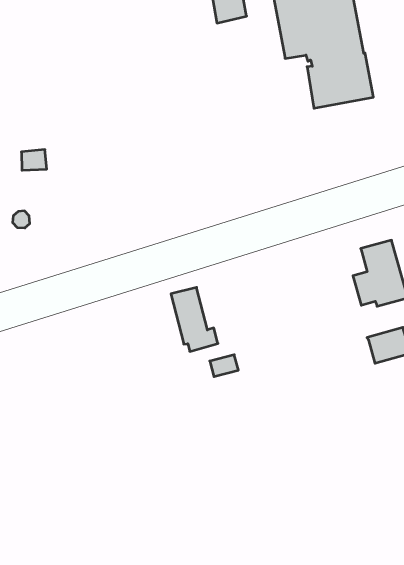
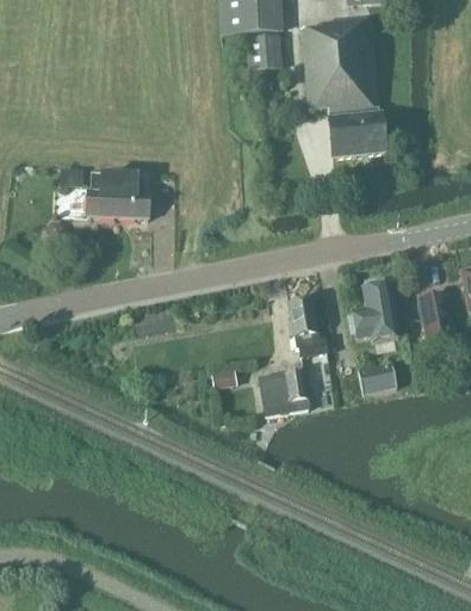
building: none -> [87,174,149,218]
building: [171,287,218,351] -> [289,300,327,357]
building: none -> [259,370,309,416]

